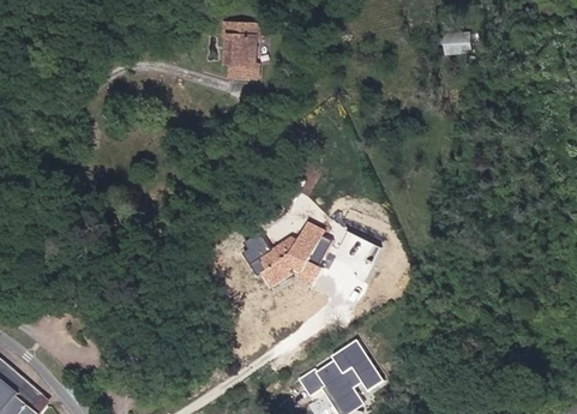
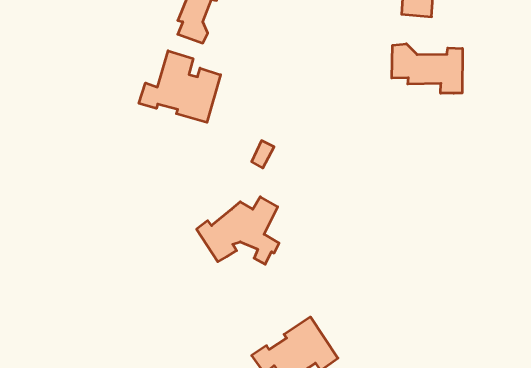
building: none -> [392,44,462,93]
building: none -> [139,51,221,122]

